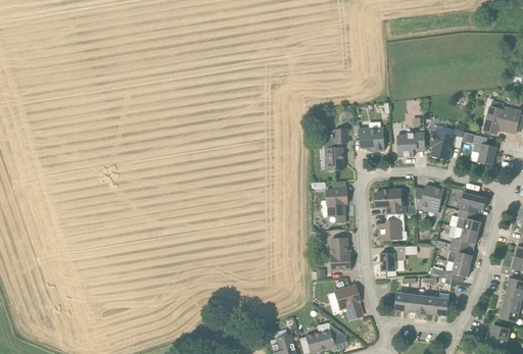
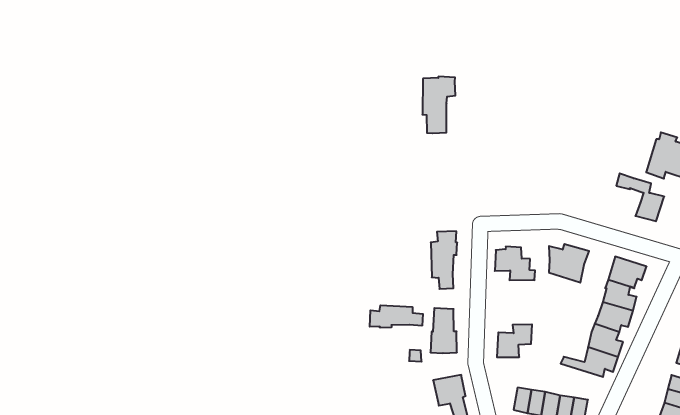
building: [431,123,466,160] -> none
building: [353,124,384,151] -> none
building: [324,129,348,170] -> [422,77,455,133]
building: [397,132,426,157] -> none
building: [379,213,406,241] -> none
building: none -> [370,305,423,328]

